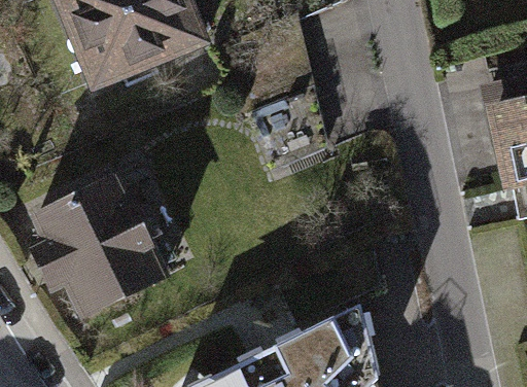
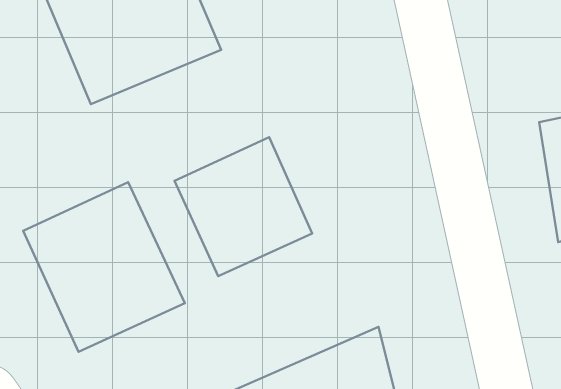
building: none -> [174,137,312,276]

